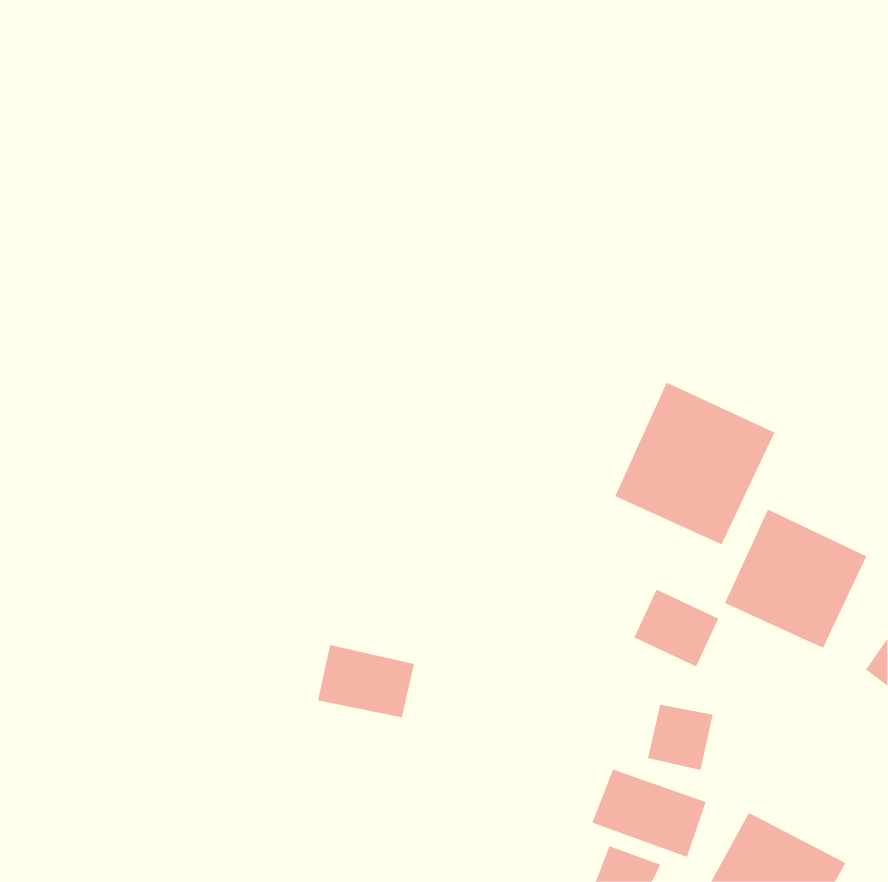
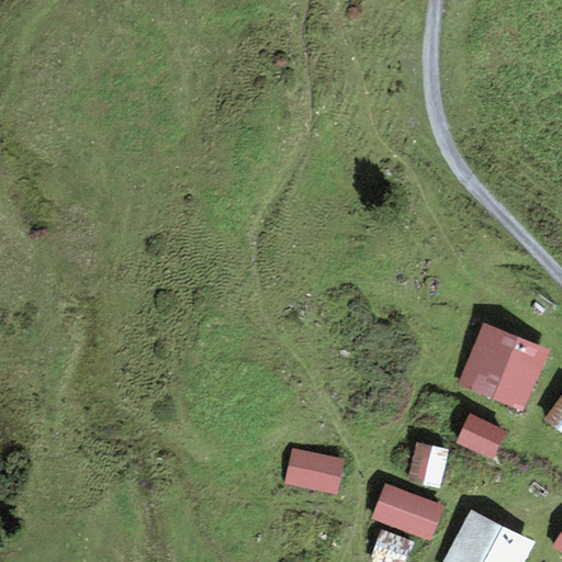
building: [615,382,775,545] -> none
building: [634,589,719,667] -> [453,414,507,463]
building: [317,645,415,718] -> [284,449,346,495]

